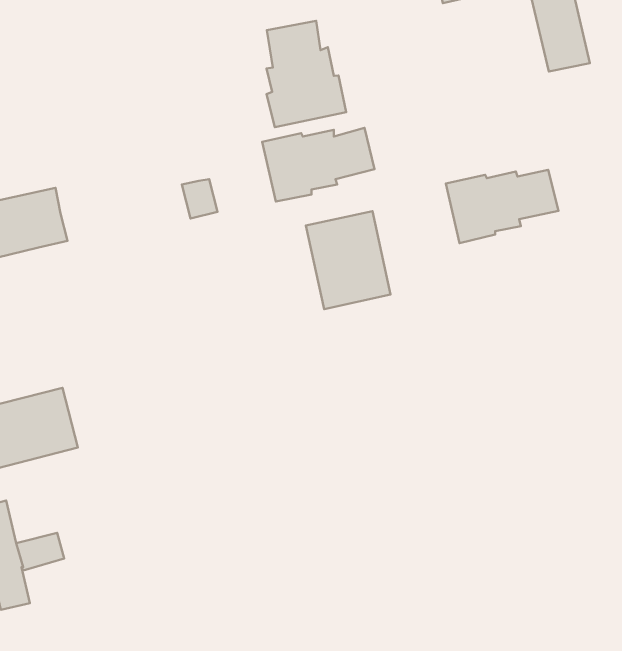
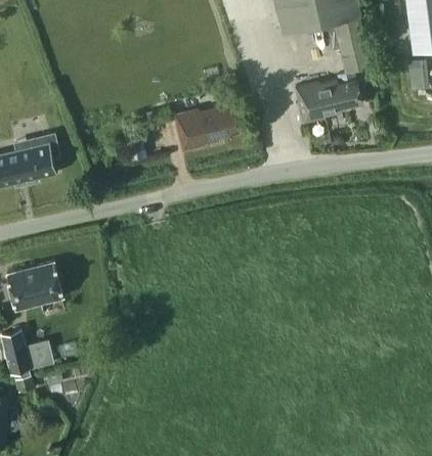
building: [266,21,346,127] -> none
building: [446,170,558,243] -> [295,79,362,123]
building: [306,211,391,309] -> none

